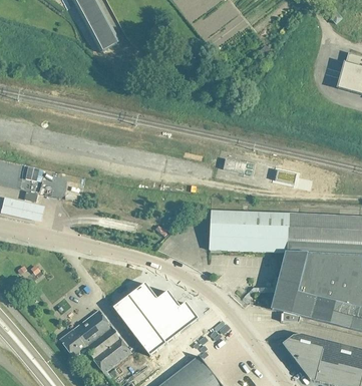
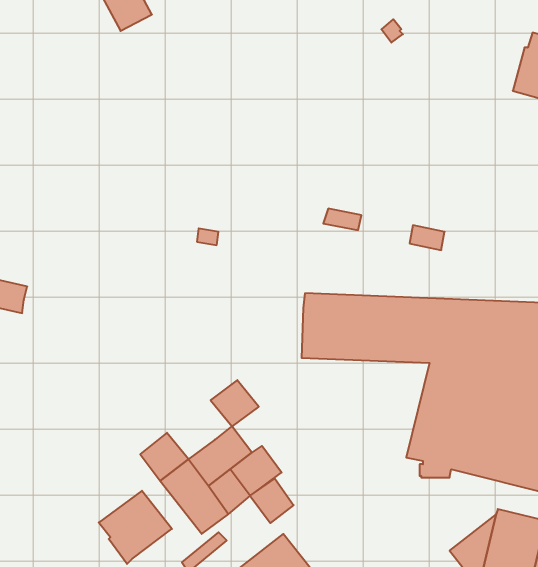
building: [128,282,157,310] -> [211,380,259,427]
building: [59,309,113,357] -> none
building: none -> [250,478,294,523]
building: [282,333,328,365] -> none

